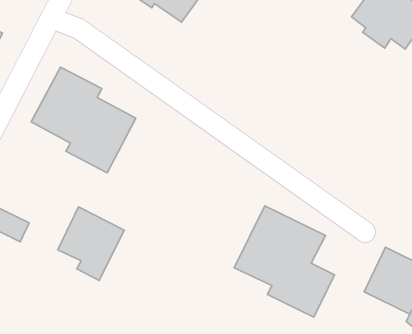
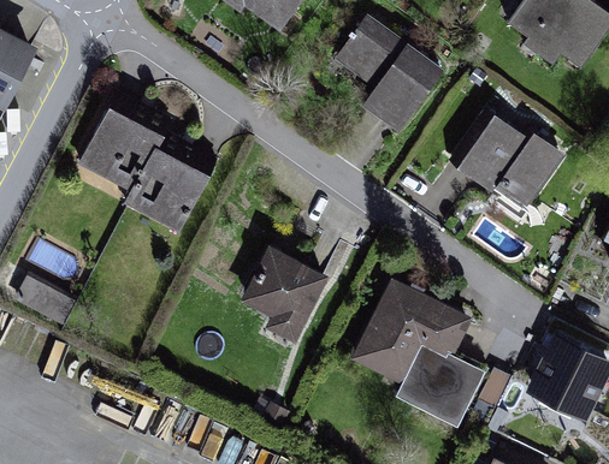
building: none -> [333,14,444,132]
building: none -> [456,113,564,207]
building: [58,207,124,280] -> [240,244,329,343]

